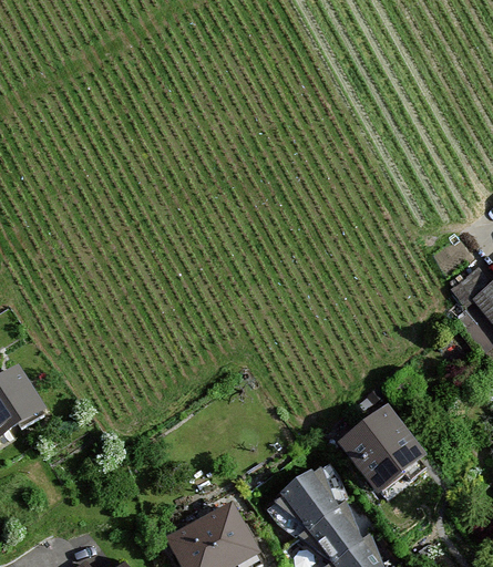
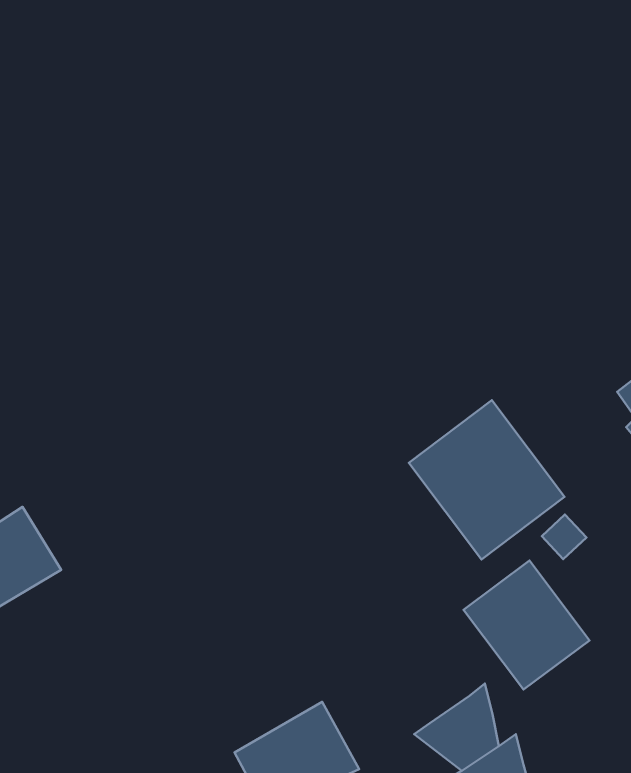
building: none -> [409,400,564,560]
building: [278,457,343,523] -> none

